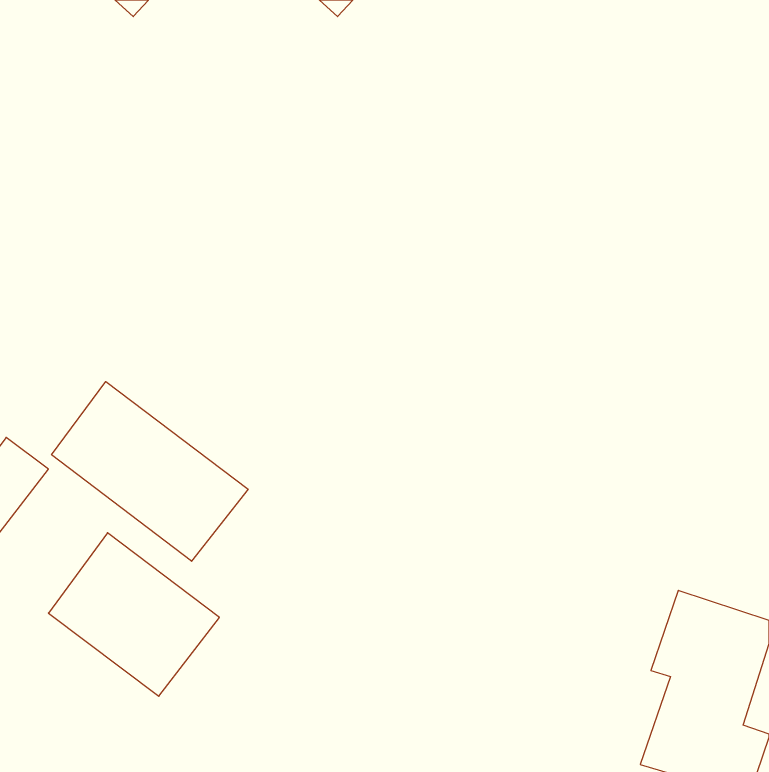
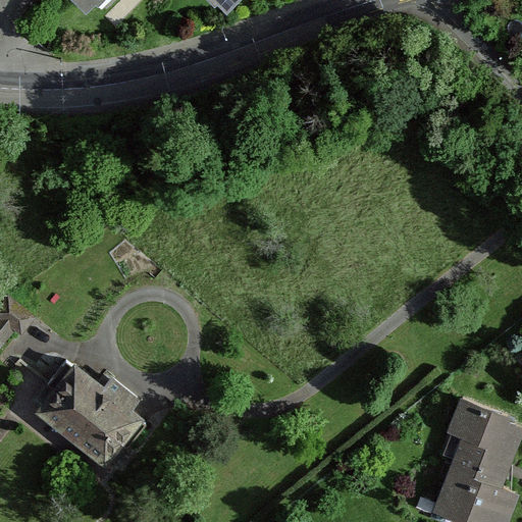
building: [52,382,248,561] -> none

